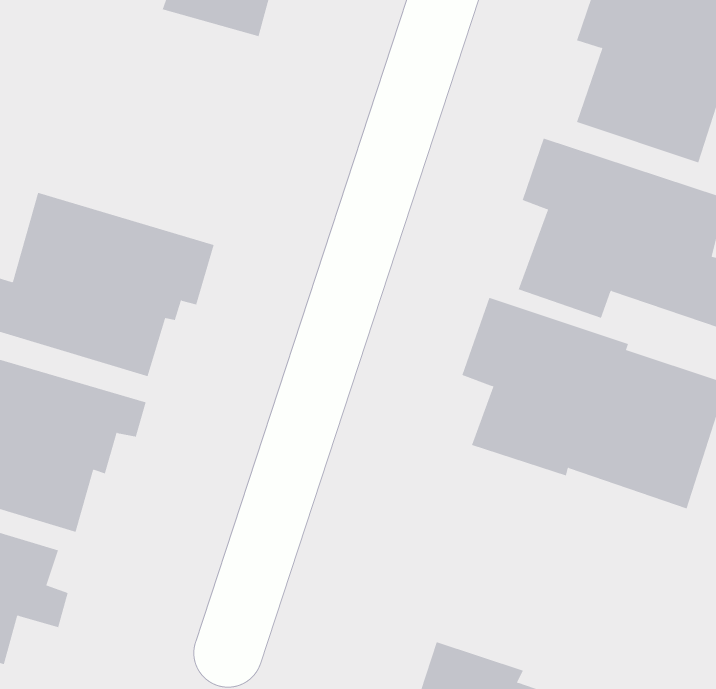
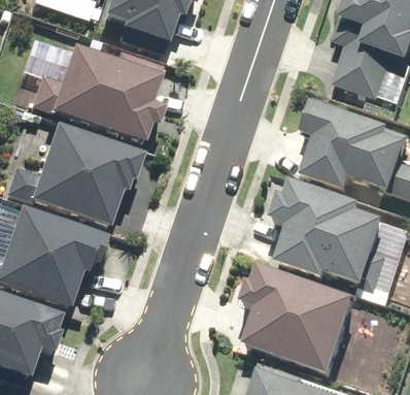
building: none -> [33,42,163,137]
building: none -> [242,264,356,374]

